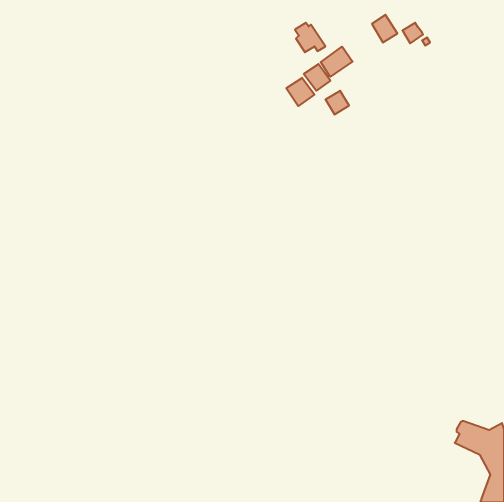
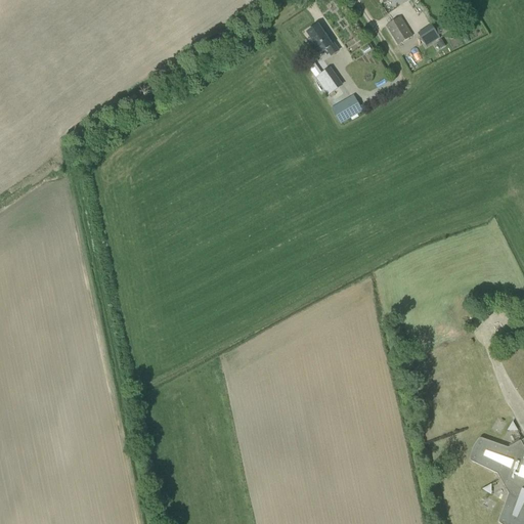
building: [321,47,353,77] -> none
building: [286,78,314,106] -> none

